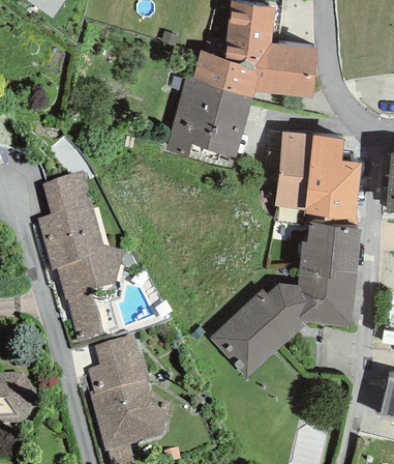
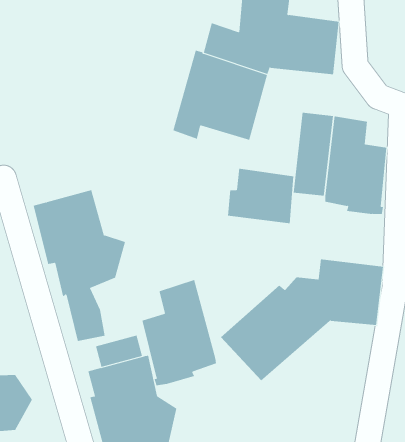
building: [41,170,91,213] -> none
building: [299,222,360,272] -> [227,168,294,224]
building: none -> [142,279,217,386]

